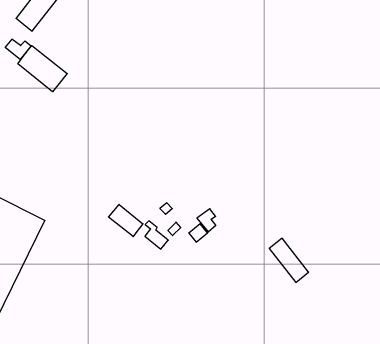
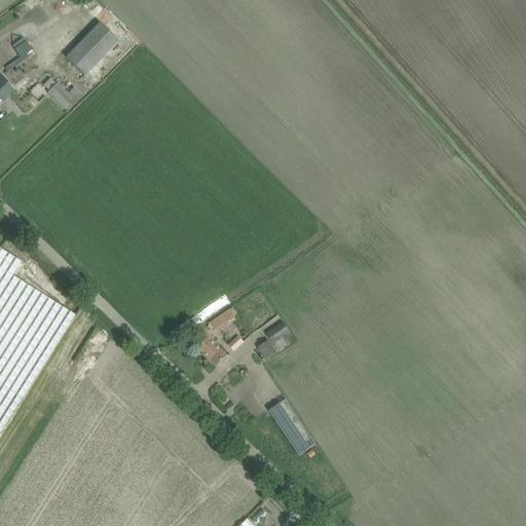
building: [18,46,67,92] -> none
building: [109,204,143,237] -> none
building: [269,238,309,282] -> [269,398,315,455]

